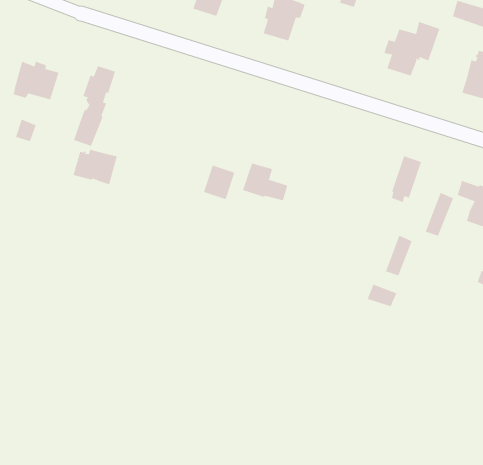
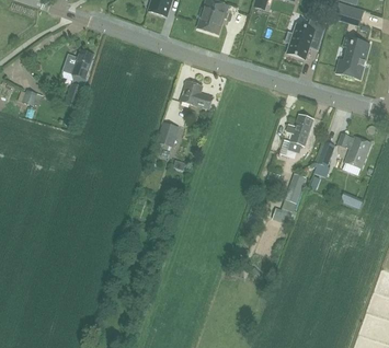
building: [13,61,59,100] -> none
building: [73,148,117,185] -> none
building: [242,163,288,201] -> [180,81,213,108]

